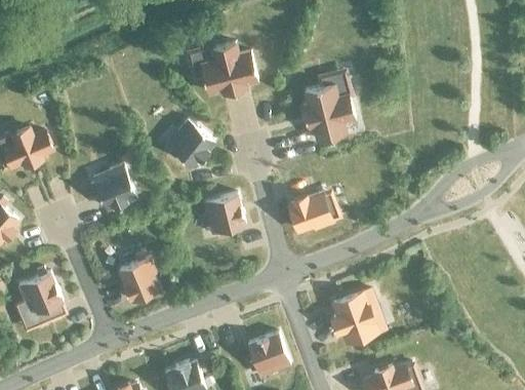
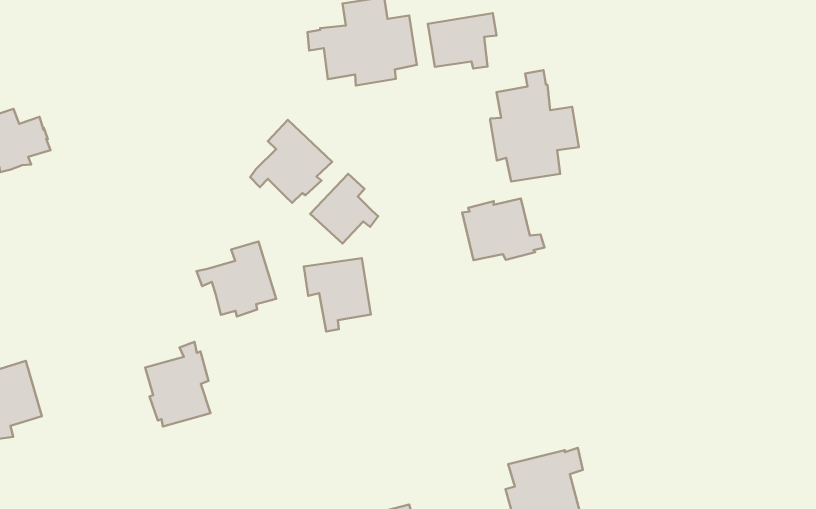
building: none -> [428,13,497,68]
building: none -> [310,174,378,244]
building: [89,165,136,209] -> [197,242,276,316]
building: [289,194,338,232] -> [462,199,545,260]

